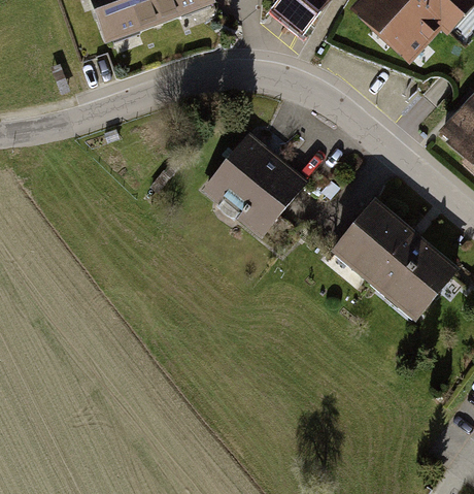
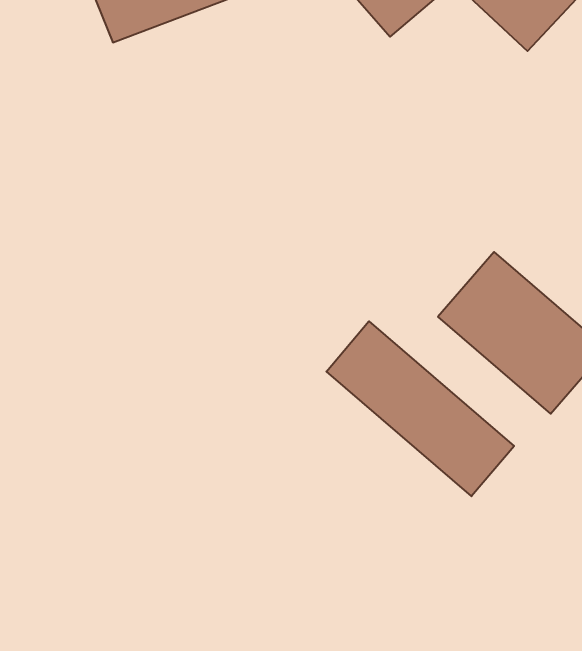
building: [203,131,308,235] -> none
building: none -> [326,321,514,496]

